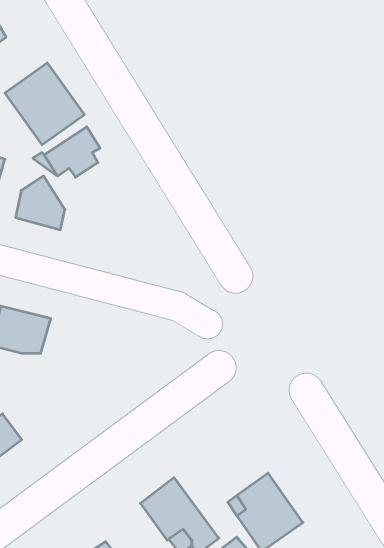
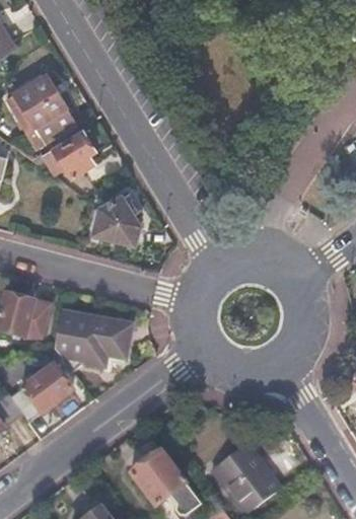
building: [16,176,65,230] -> [94,194,139,242]
building: none -> [53,311,132,373]
building: none -> [21,364,73,414]

